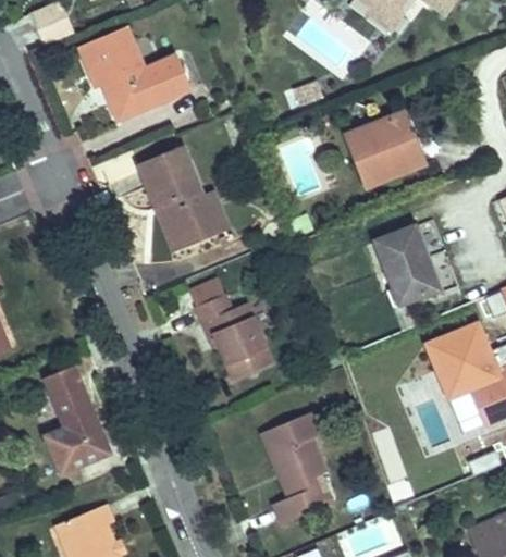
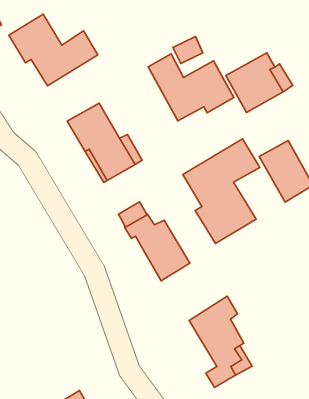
building: none -> [148,54,234,121]
building: none -> [183,139,260,244]
building: [44,366,111,475] -> none

